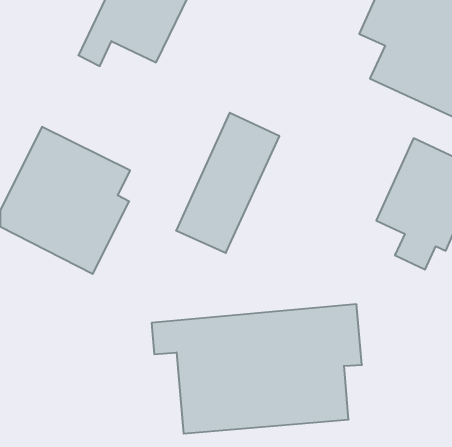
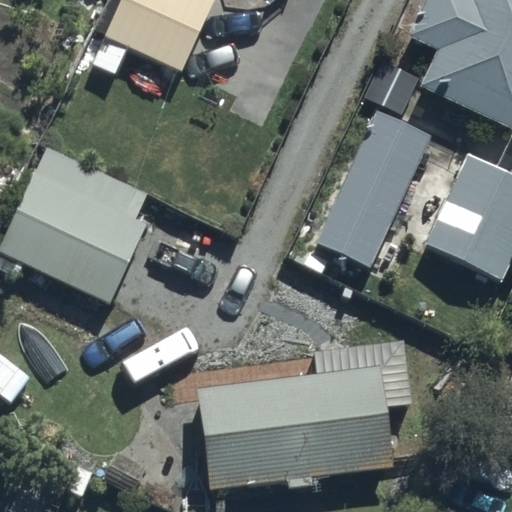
building: [176,113,279,253] -> [314,110,430,267]

